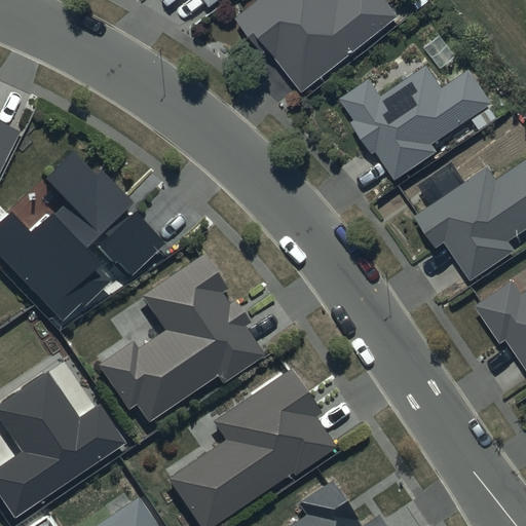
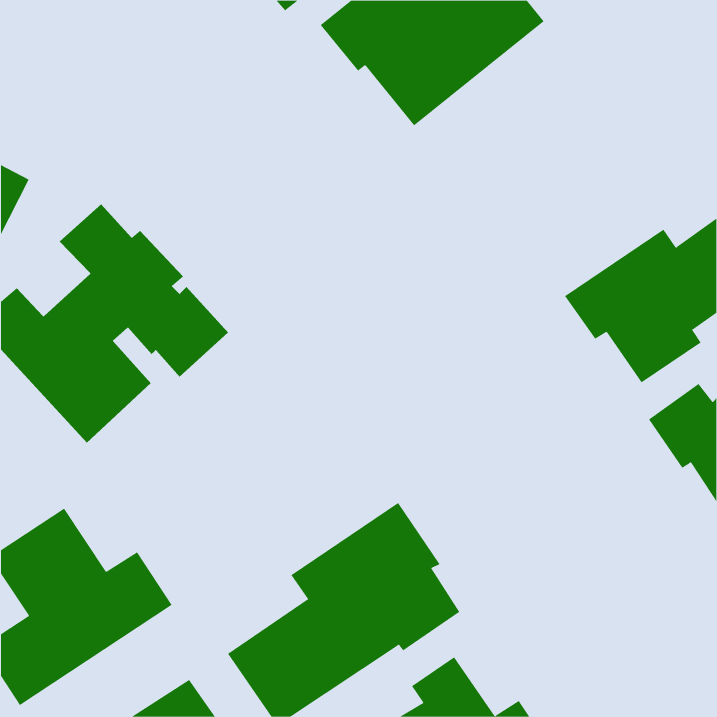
building: [339,63,493,181] -> none
building: [98,255,266,420] -> none

